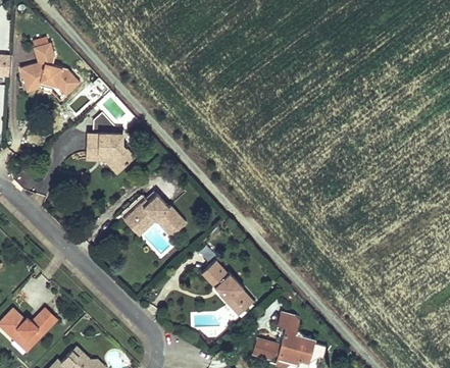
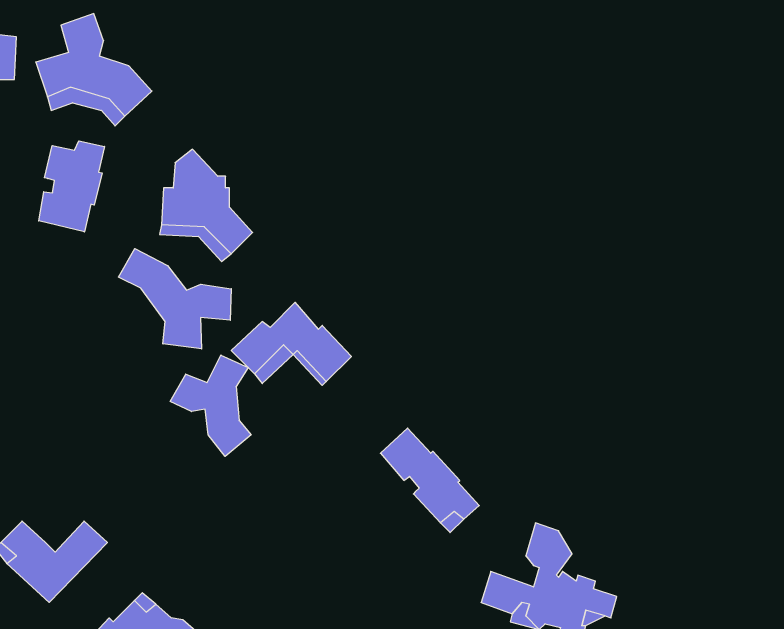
building: none -> [39,141,104,232]
building: none -> [118,249,231,349]
building: none -> [170,355,251,456]

